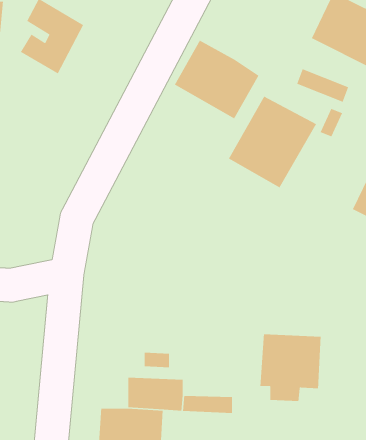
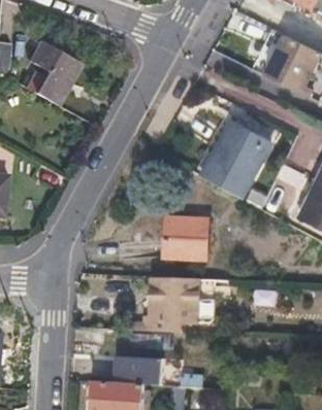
building: [174,40,259,120] -> none
building: none -> [154,210,197,258]
building: [260,334,321,402] -> [147,277,198,334]

